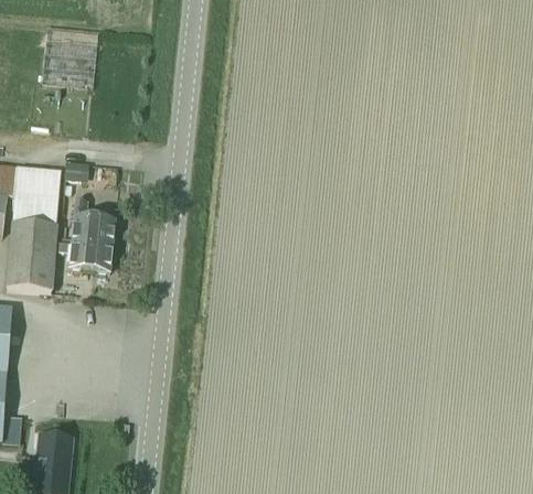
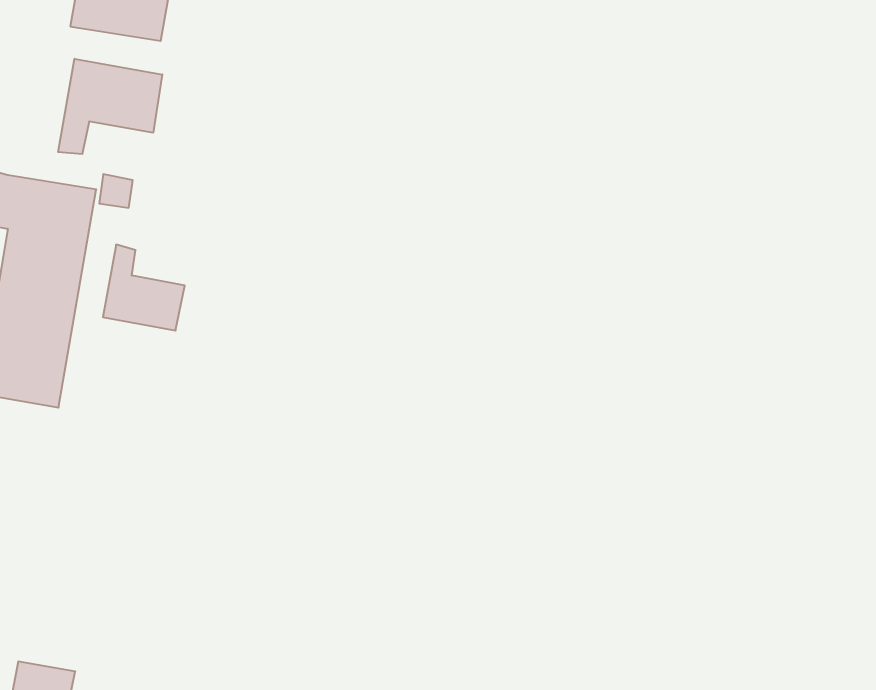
building: none -> [58,59,162,154]
building: [57,240,111,270] -> none

